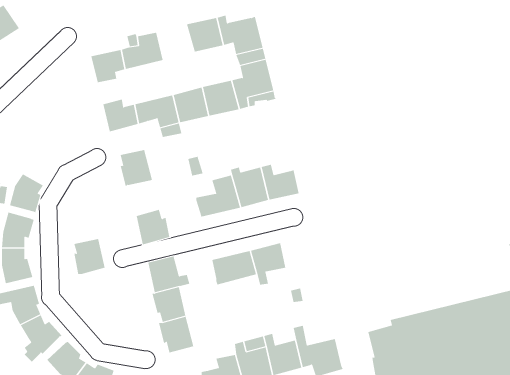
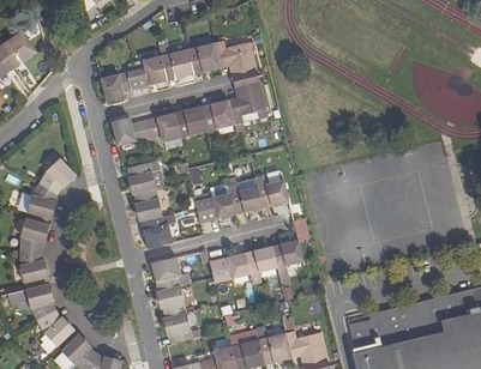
building: none -> [158,43,194,80]
building: none -> [40,157,77,193]
building: none -> [272,217,312,283]
building: [74,239,106,275] -> [134,188,163,220]

